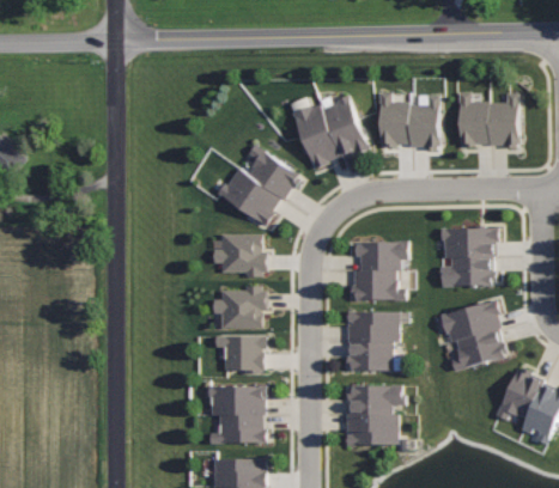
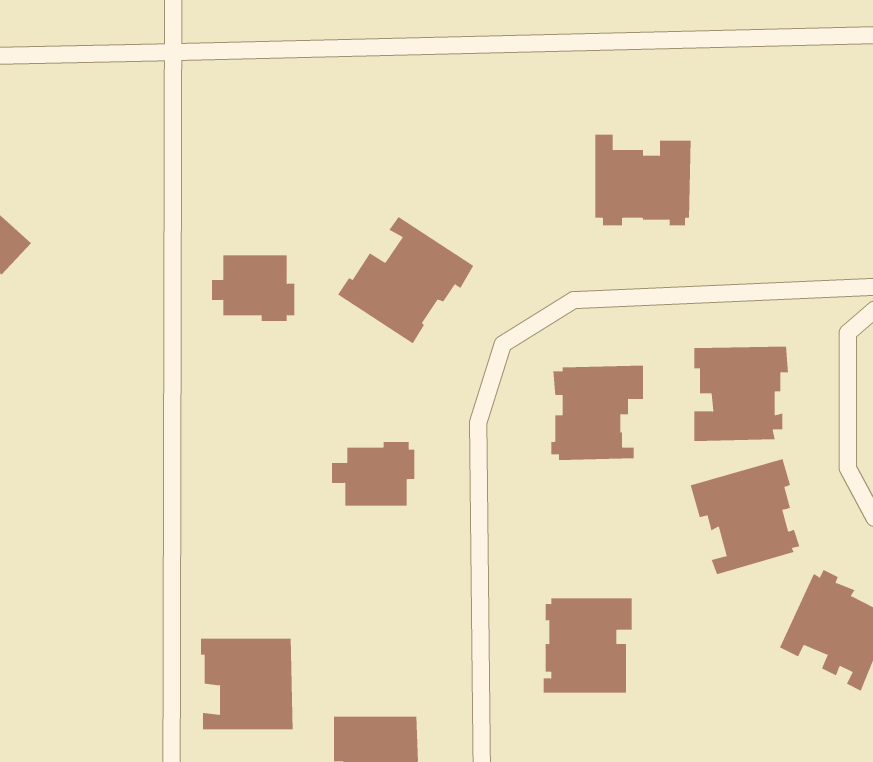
building: [457,91,517,142] -> none
building: [291,93,369,169] -> none
building: [213,233,266,275] -> [211,255,295,321]
building: [345,311,407,370] -> none
building: [214,336,266,373] -> none
building: [207,385,266,443] -> [200,638,294,730]

